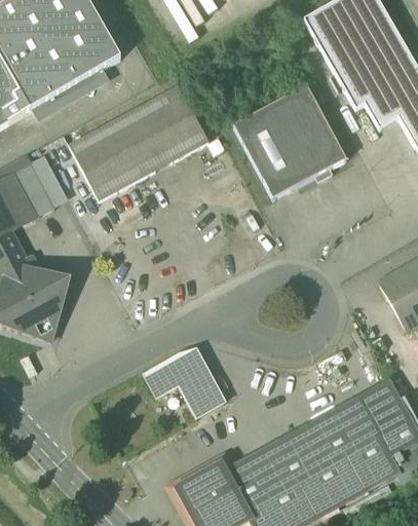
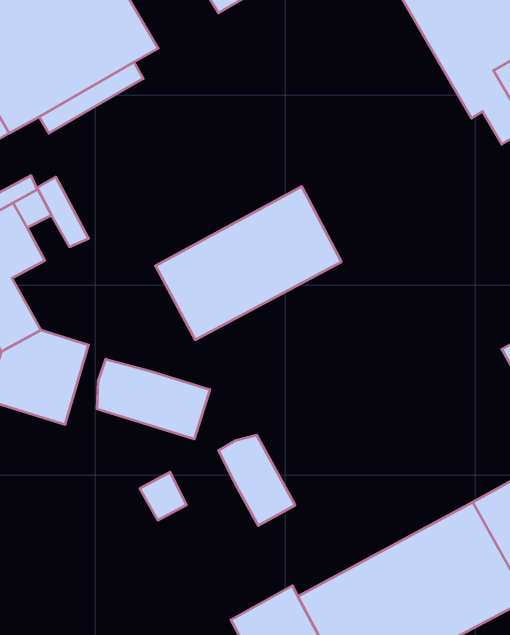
building: [69,84,208,199] -> [155,187,341,340]
building: [233,84,346,198] -> none
building: [23,182,54,216] -> none
building: none -> [97,359,210,439]
building: [144,359,179,394] -> [140,472,186,520]

